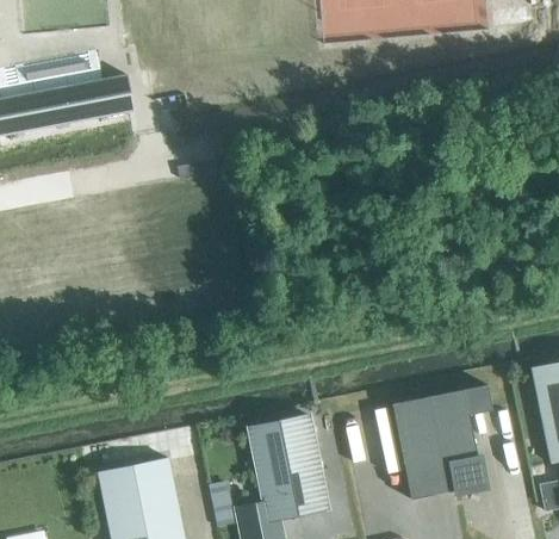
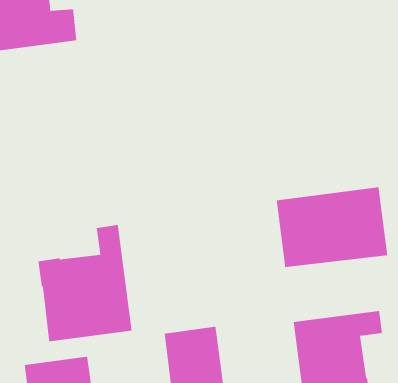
building: none -> [276,187,388,268]
building: none -> [38,224,132,342]

